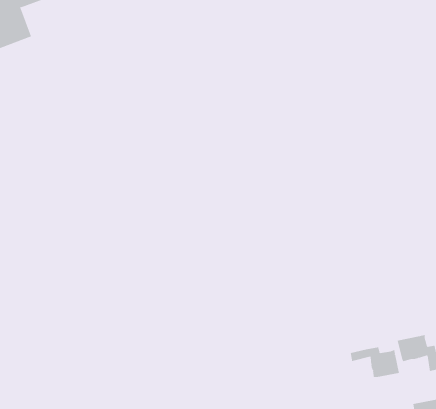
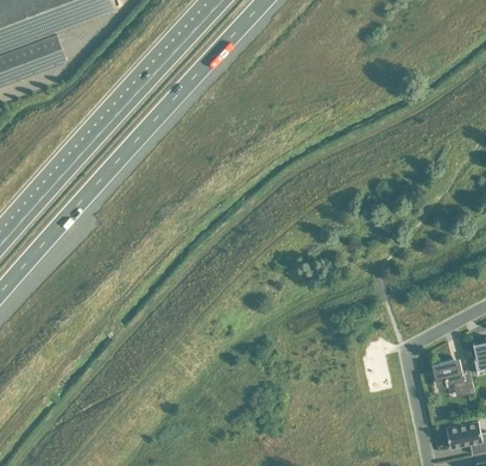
building: [350,346,400,378] -> none

